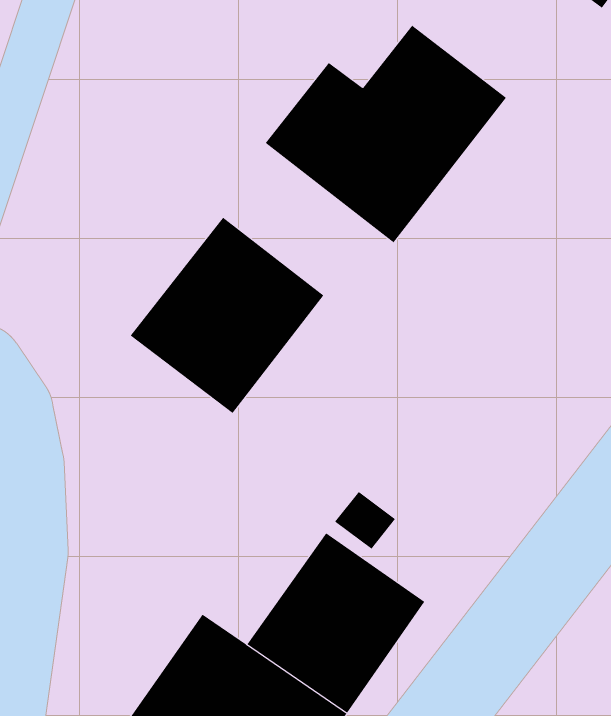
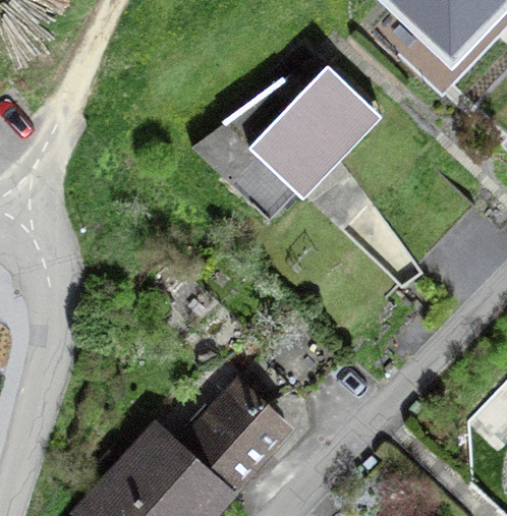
building: [130,217,324,414] -> none

